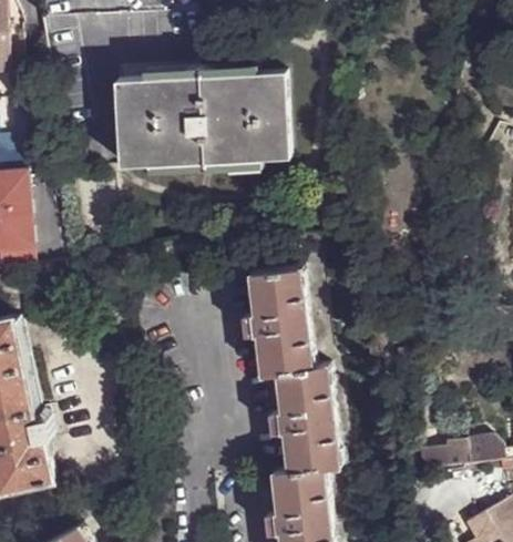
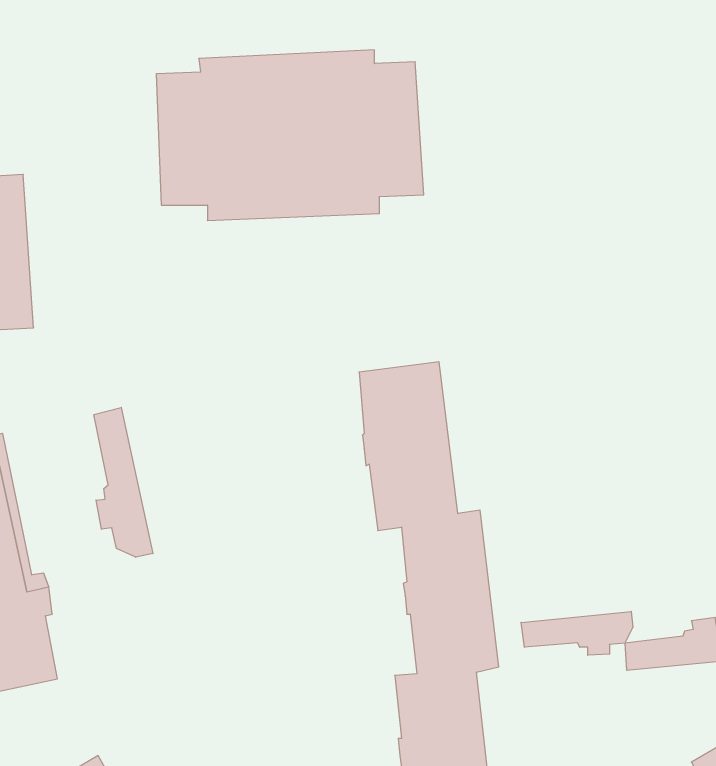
building: none -> [94,407,153,557]
building: none -> [521,611,633,655]

